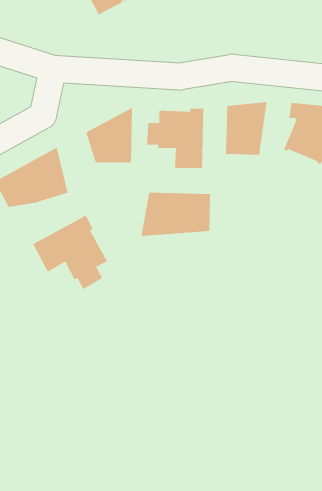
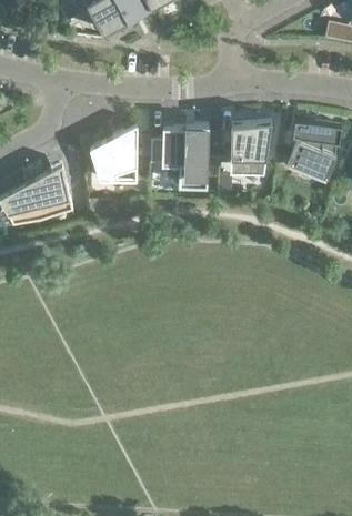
building: [140,192,211,237] -> none
building: [32,215,108,290] -> none

